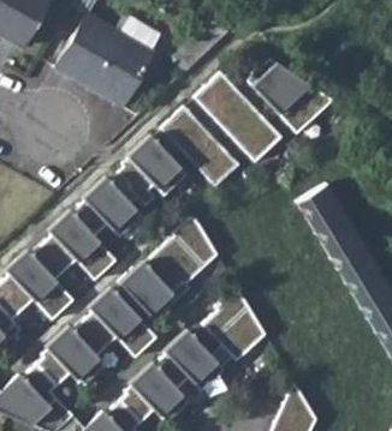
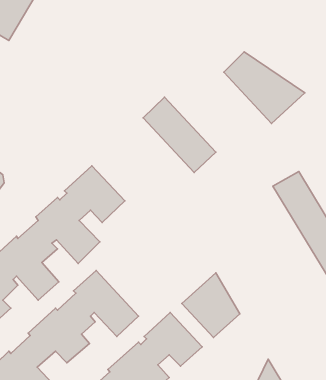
building: [55,12,154,104] -> none
building: [195,72,280,161] -> none
building: [117,137,186,204] -> none
building: [119,215,216,311] -> none

